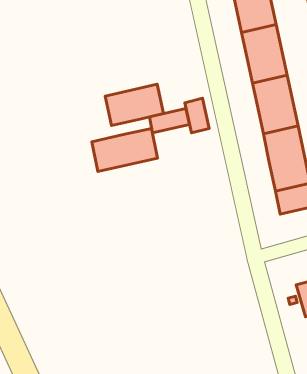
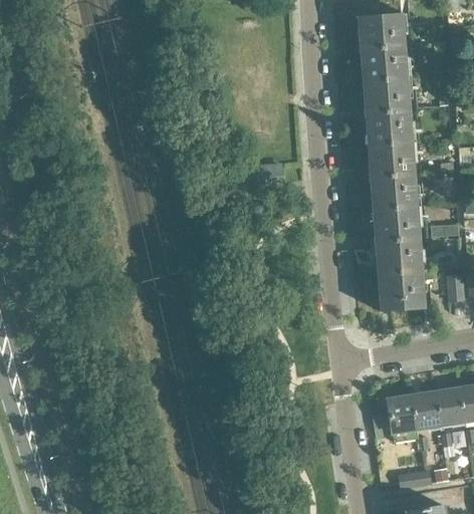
building: [105,84,163,125] -> none
building: [185,98,209,133] -> none
building: [92,129,157,172] -> none

